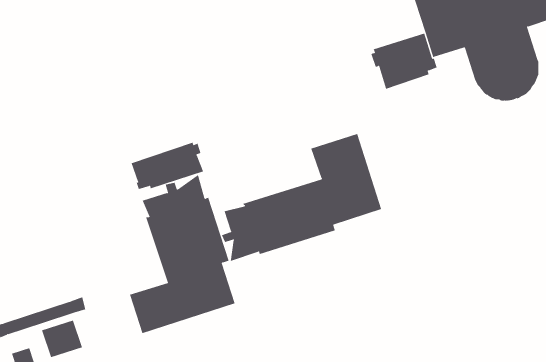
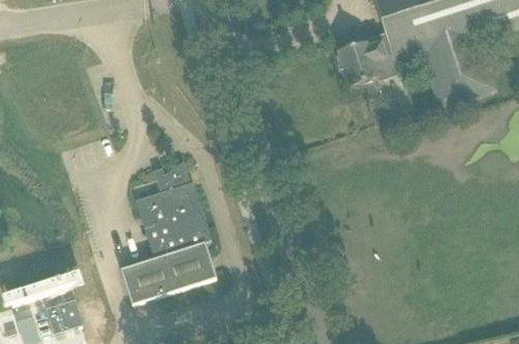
building: [221,133,382,262] -> none
building: [131,142,204,190] -> none

